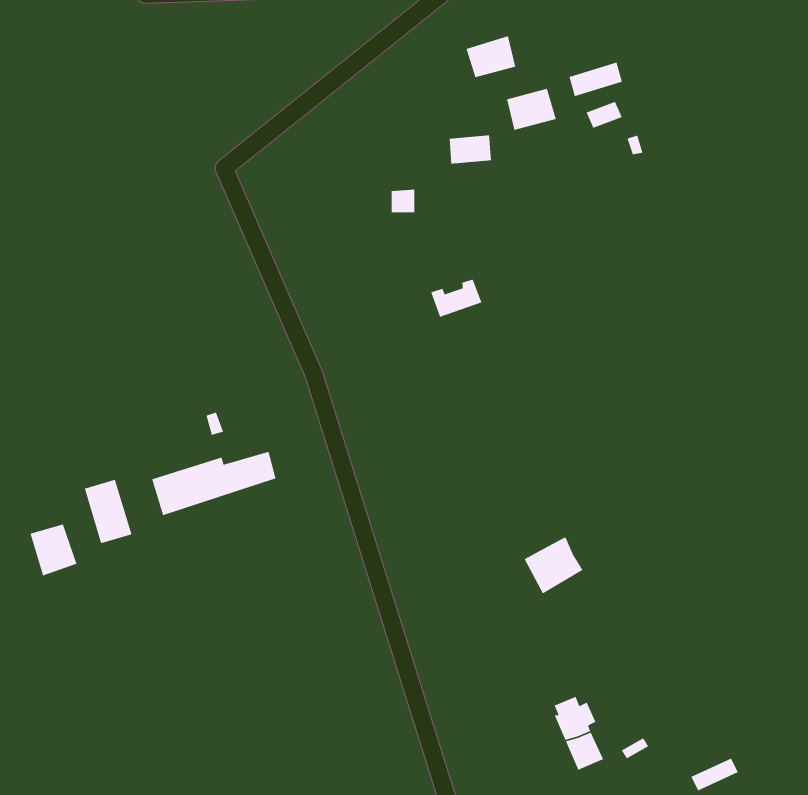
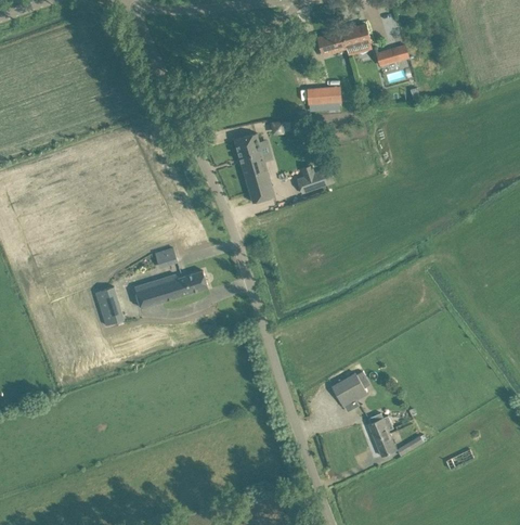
building: [506,88,557,131] -> [341,23,370,48]
building: none -> [234,132,274,202]
building: [30,523,77,577] -> none
building: [524,536,584,594] -> [331,373,366,407]

